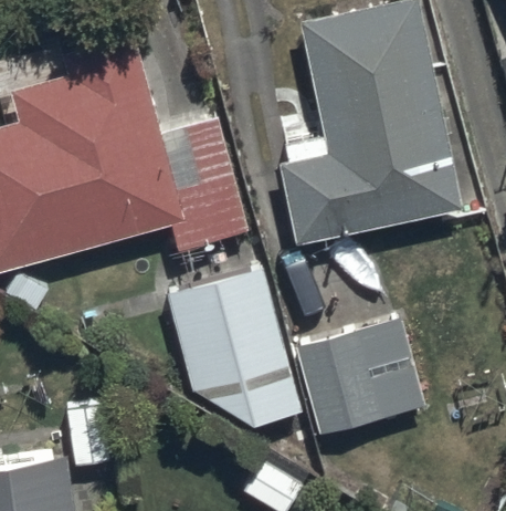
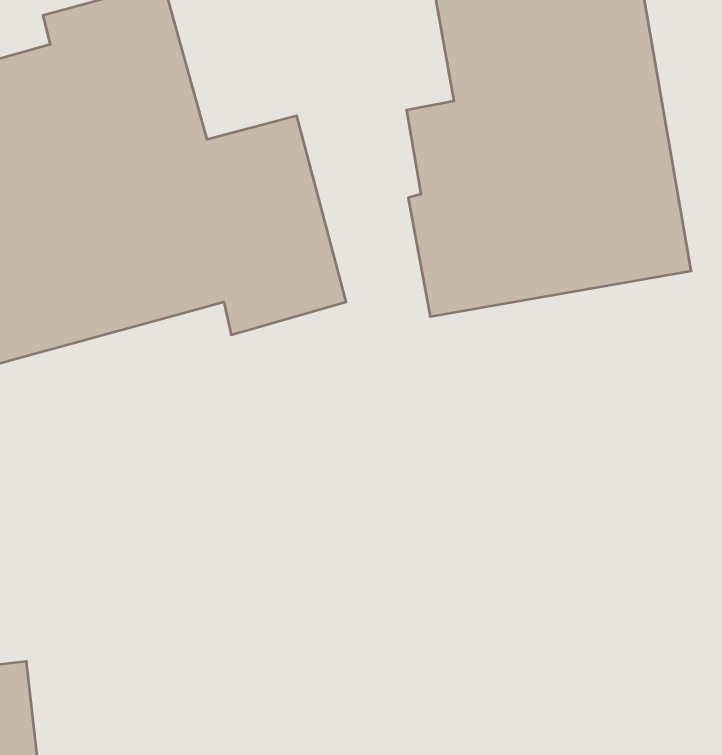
building: [172,269,298,440] -> none
building: [298,314,423,434] -> none

